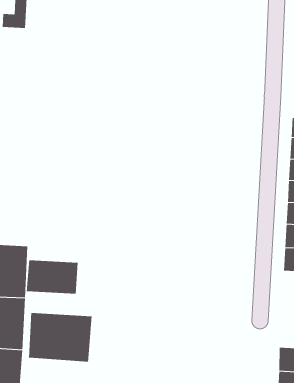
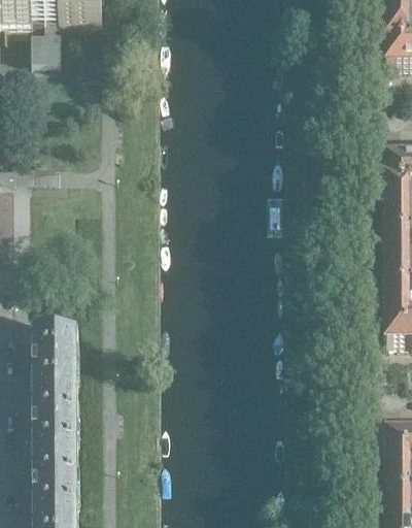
building: [26,259,78,295] -> none
building: [28,312,92,363] -> none

